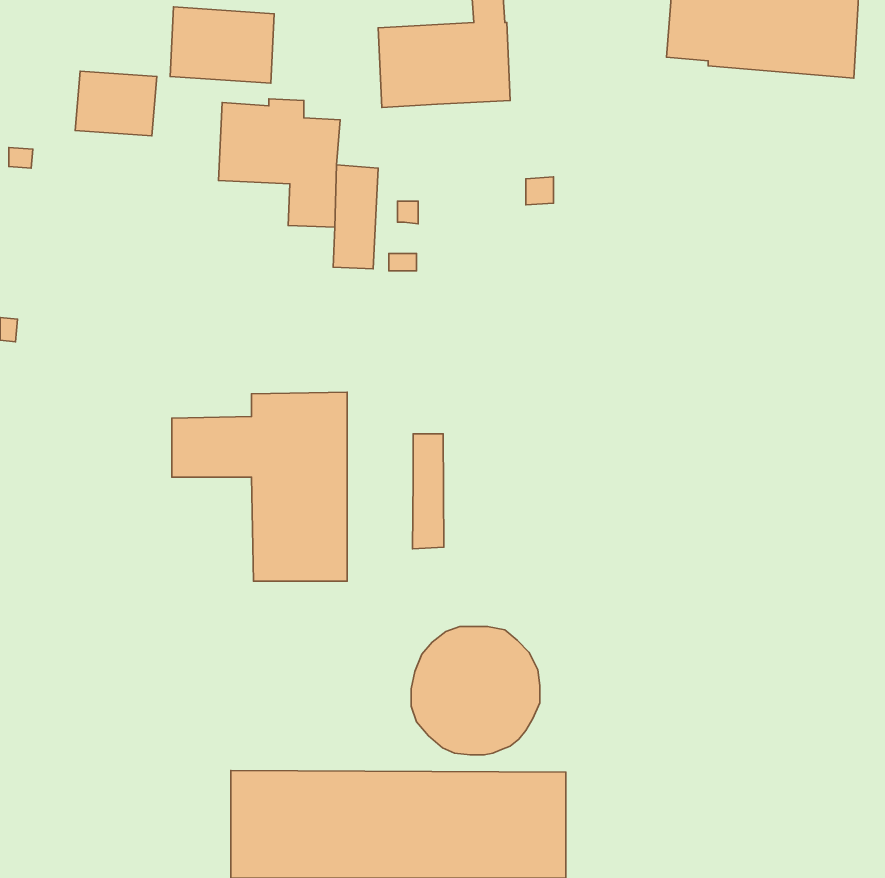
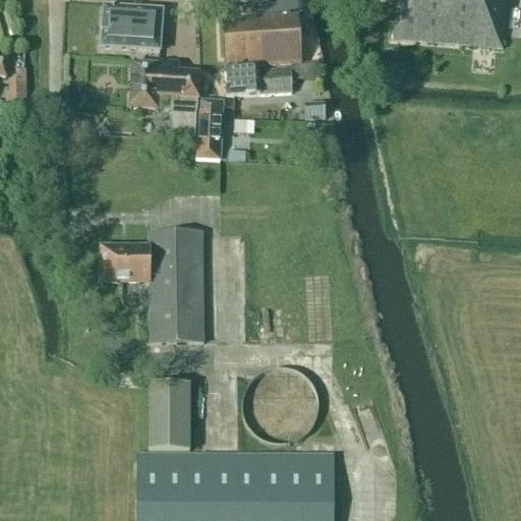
building: [75,71,157,136] -> none
building: none -> [225,61,315,94]
building: [412,434,444,549] -> none
building: none -> [148,382,189,449]

